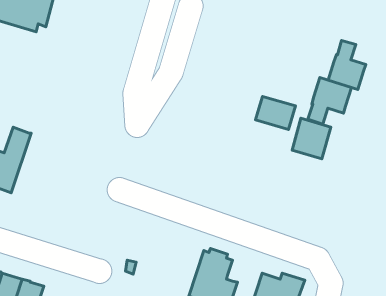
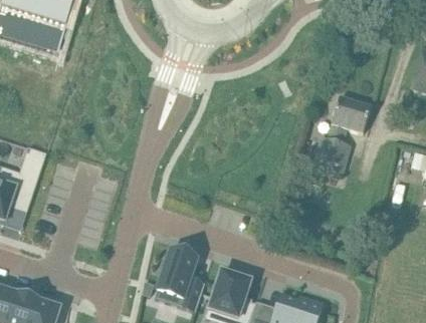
building: [328,40,366,89] -> none
building: [255,97,296,129] -> none
building: none -> [154,248,204,308]

